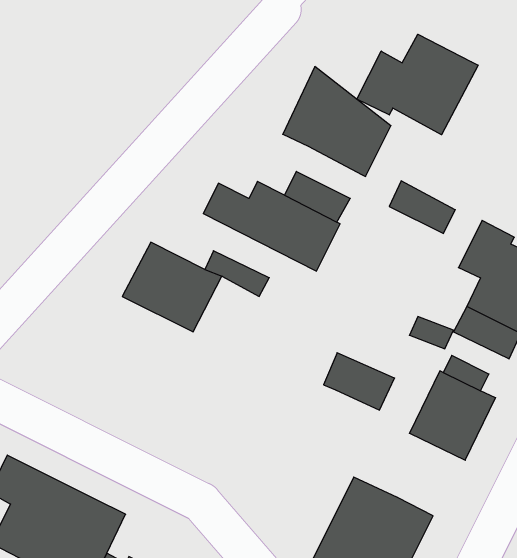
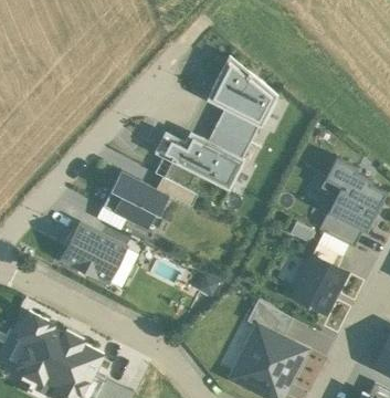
building: [357,34,478,135] -> none
building: [389,181,455,233] -> [214,108,257,143]
building: none -> [61,226,130,286]
building: [324,353,395,410] -> [244,301,291,338]

